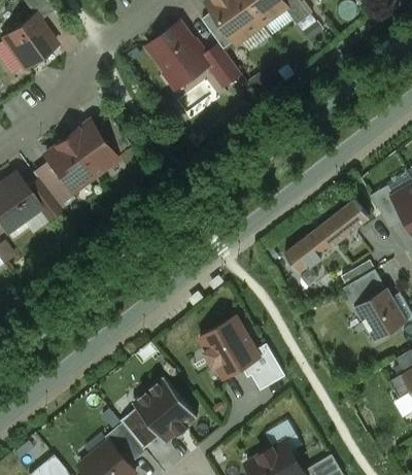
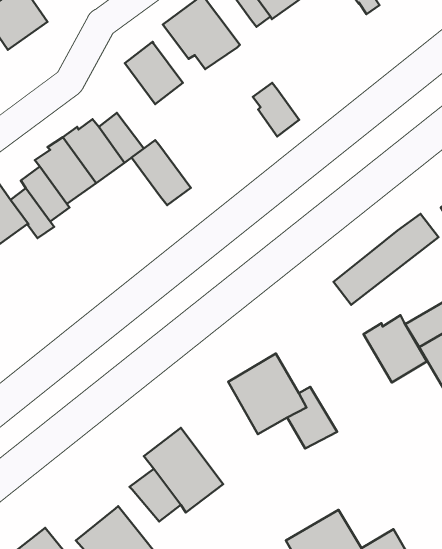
building: [203,44,240,88] -> [253,83,299,137]
building: none -> [125,42,183,104]
building: none -> [132,140,191,205]
building: none -> [364,315,427,383]
building: [107,421,146,462] -> none

